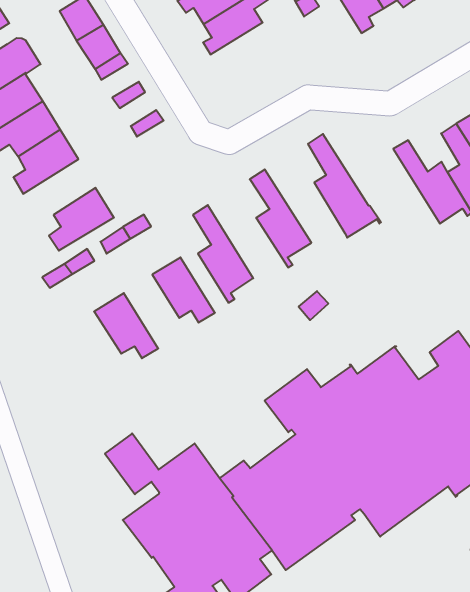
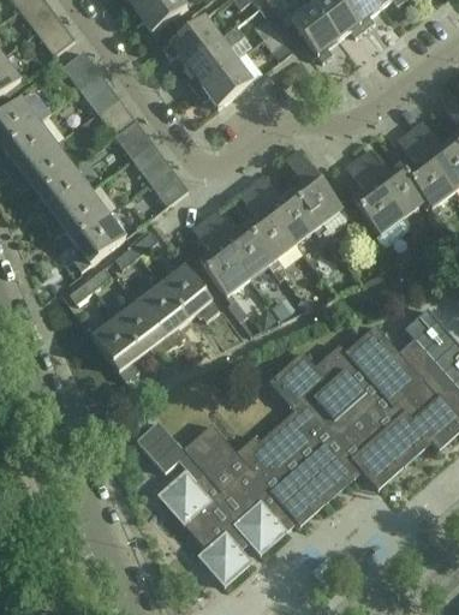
building: none -> [195,59,252,107]
building: none -> [149,166,189,204]
building: none -> [346,156,410,245]
building: none -> [46,190,107,239]
building: none -> [250,174,323,243]
building: none -> [204,209,278,277]
building: none -> [139,282,189,345]
building: none -> [93,318,142,380]

